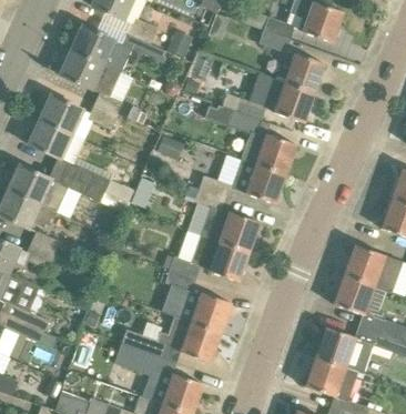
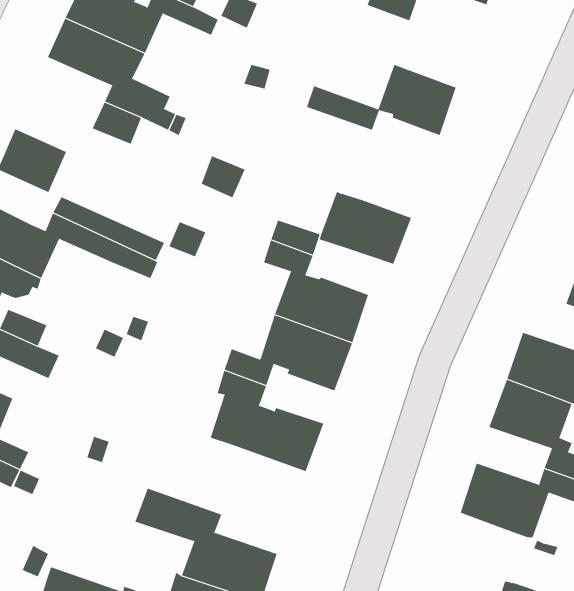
building: [283,52,324,93] -> none
building: [39,94,82,133] -> none
building: [212,104,295,174] -> none
building: [121,315,220,362] -> none
building: [305,357,357,401] -> none

